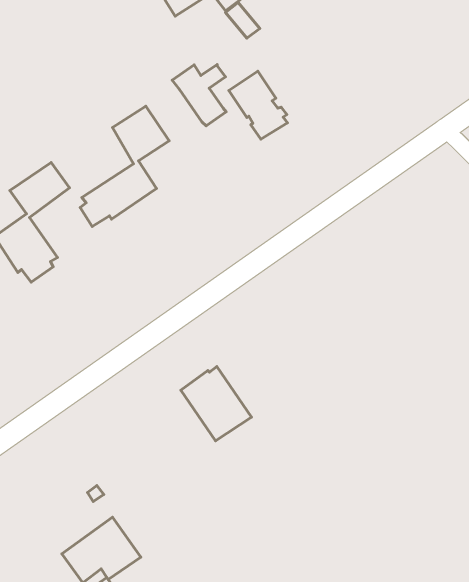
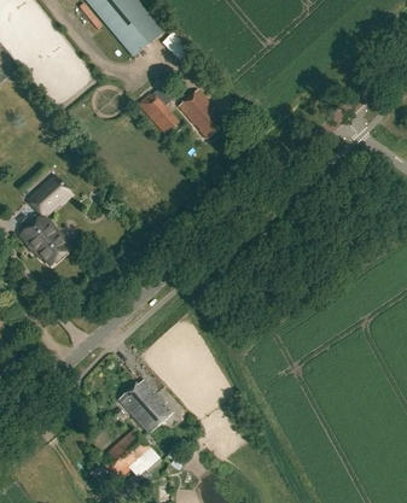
building: [80,106,169,226] -> none
building: [181,366,252,441] -> [118,379,173,433]

